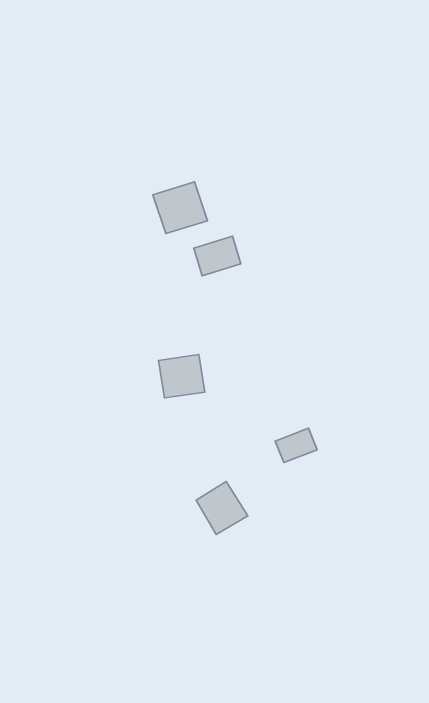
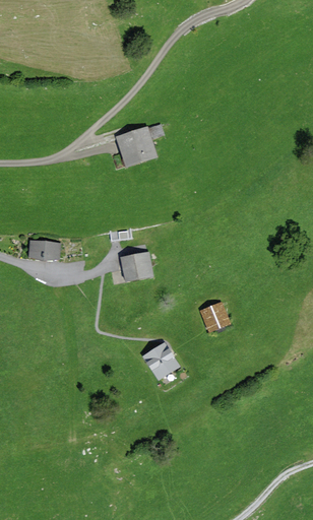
building: [194,236,241,276] -> none
building: none -> [29,239,59,258]

